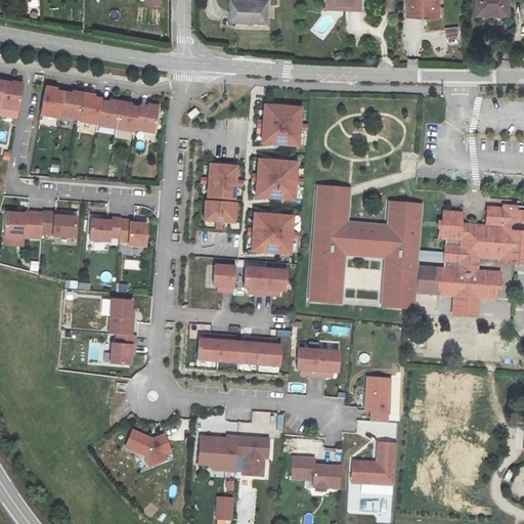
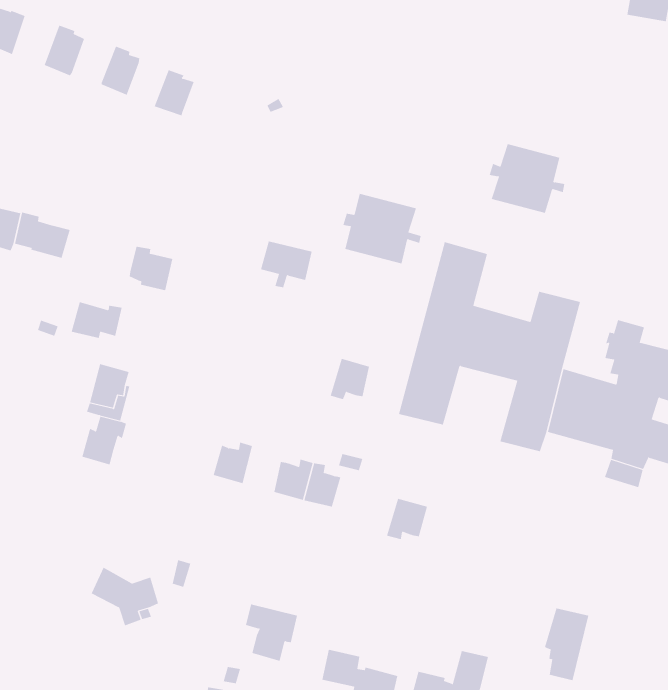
building: [61,90,86,118] -> none
building: [99,99,123,127] -> none
building: [137,103,161,132] -> none
building: [259,105,309,146] -> [489,143,565,214]
building: [202,164,245,200] -> none
building: [248,214,301,255] -> none
building: [91,217,122,239] -> [71,302,122,338]
building: [215,264,236,292] -> none
building: [245,267,267,294] -> none
building: [218,335,239,362] -> none
building: [296,351,319,378] -> none
building: [364,378,390,423] -> [544,608,589,681]
building: [198,436,236,470] -> none

